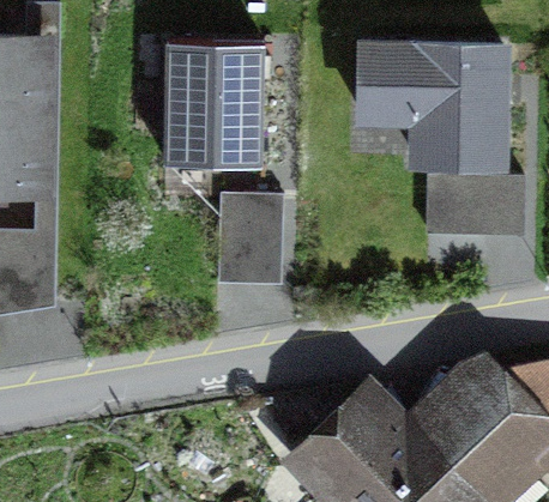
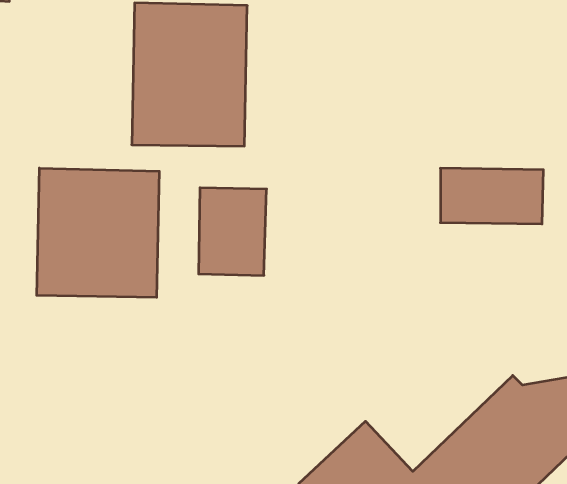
building: [362,48,503,167] -> none
building: none -> [37,168,159,297]

